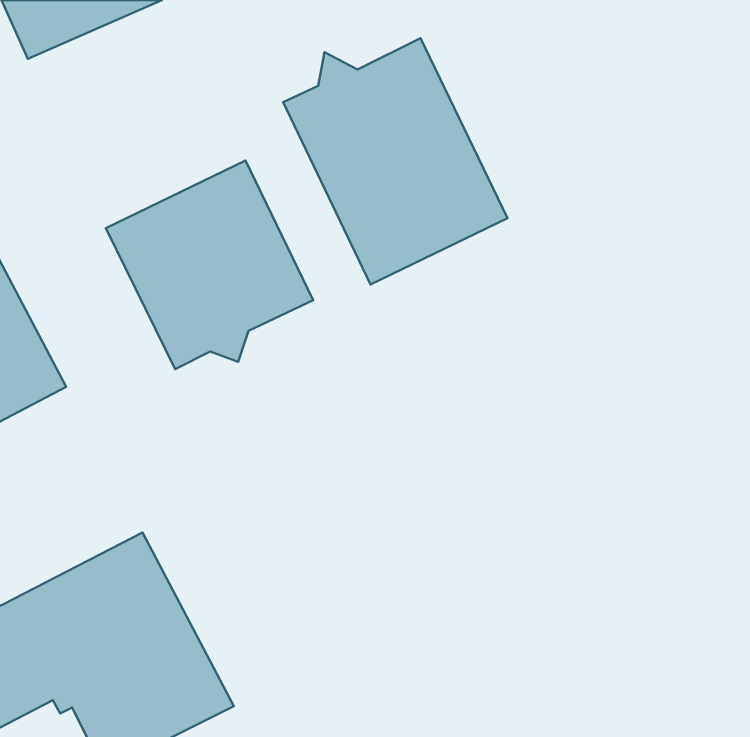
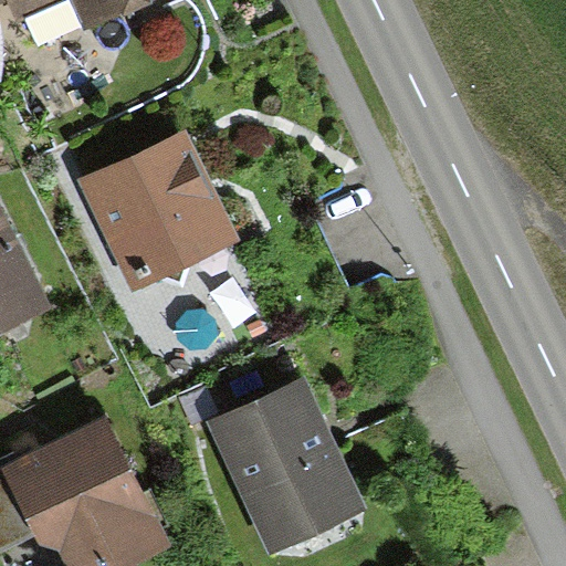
building: [283,38,508,285] -> none
building: none -> [206,379,363,556]

